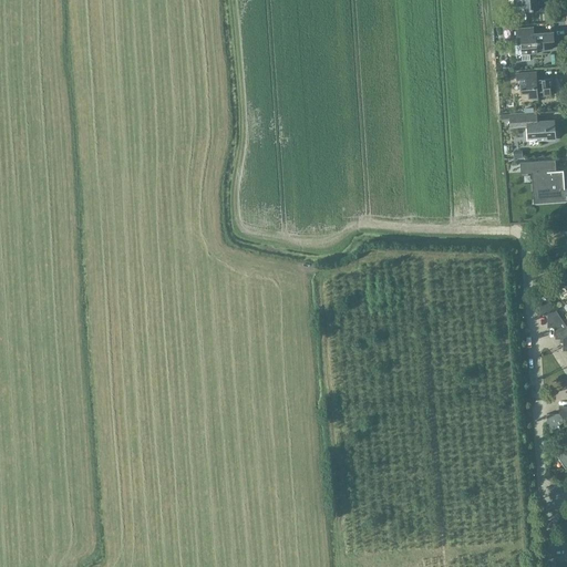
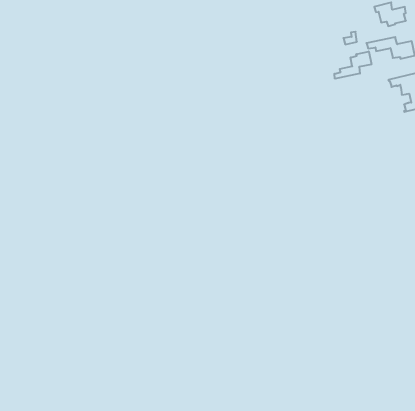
building: none -> [334,51,371,79]

